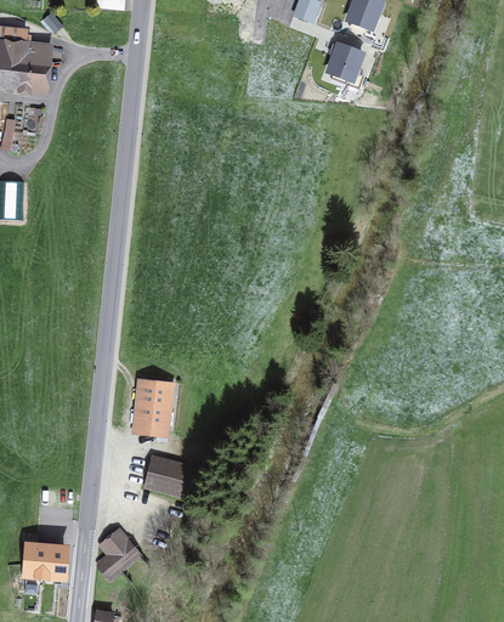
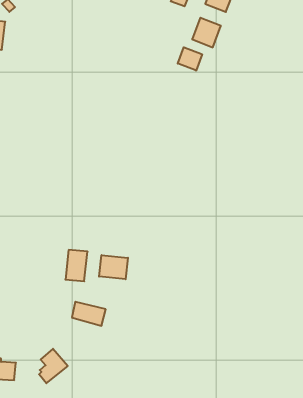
building: none -> [178,47,202,71]
building: none -> [99,255,128,279]

